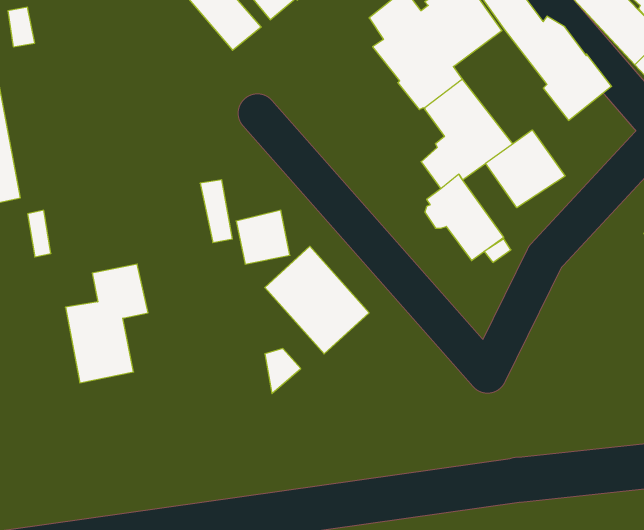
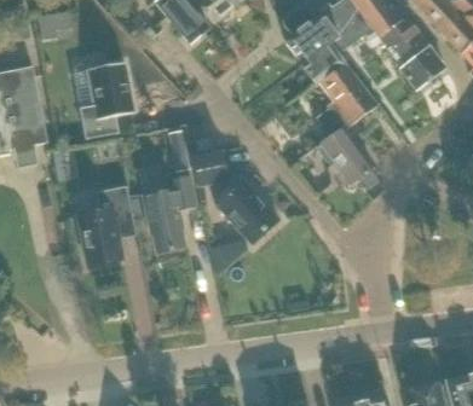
building: none -> [79,60,135,138]
building: [486,130,565,208] -> none
building: none -> [143,176,196,253]

